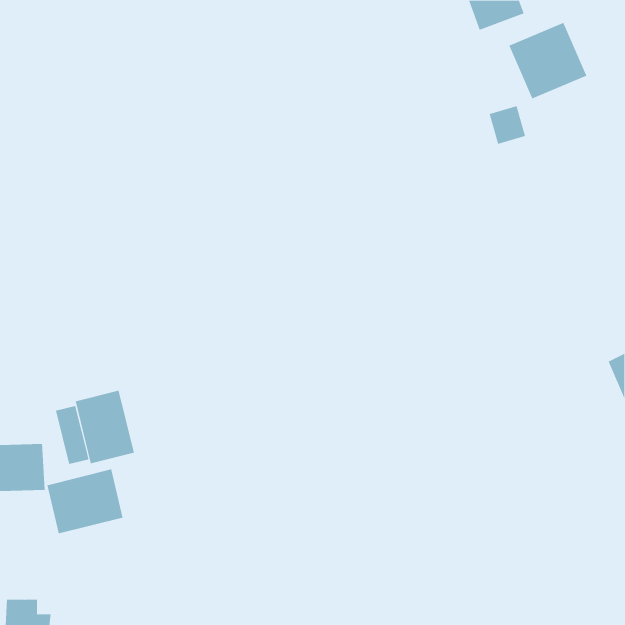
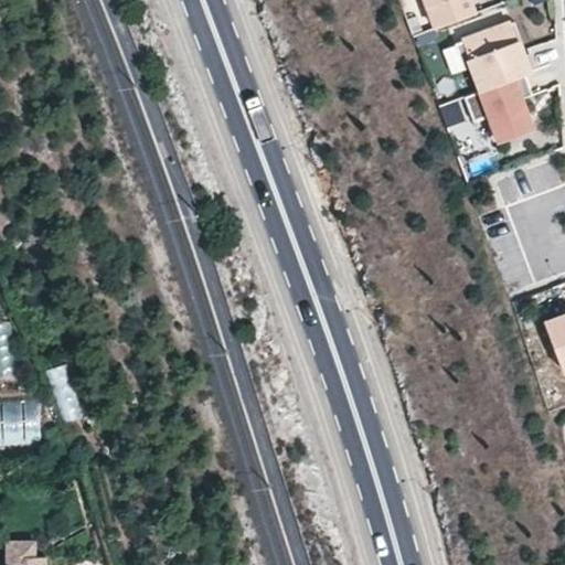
building: none -> [468,75,531,143]
building: [75,390,134,464] -> none
building: [47,469,123,534] -> none

